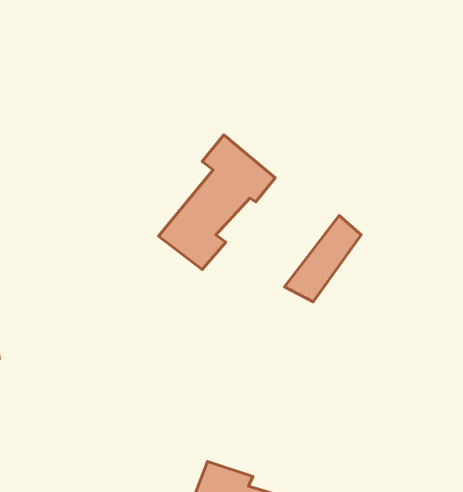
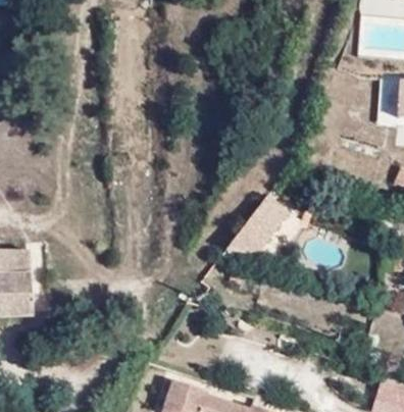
building: [159,135,275,270] -> none

